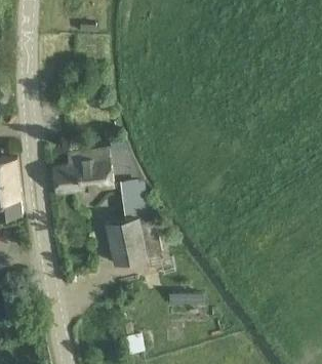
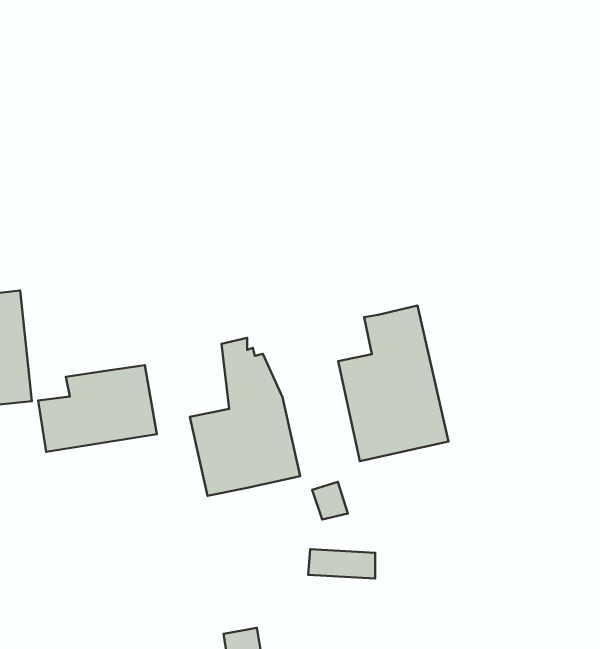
building: [52,148,114,193] -> [38,365,157,452]
building: none -> [338,305,448,461]

